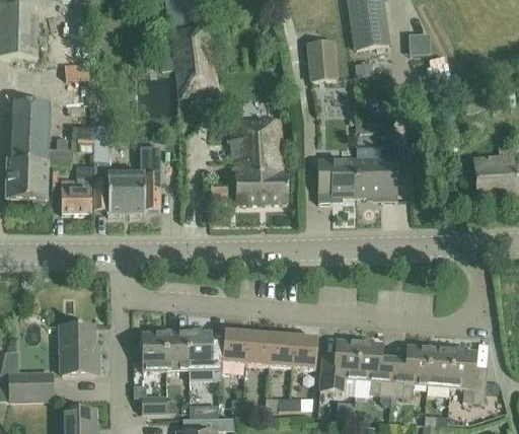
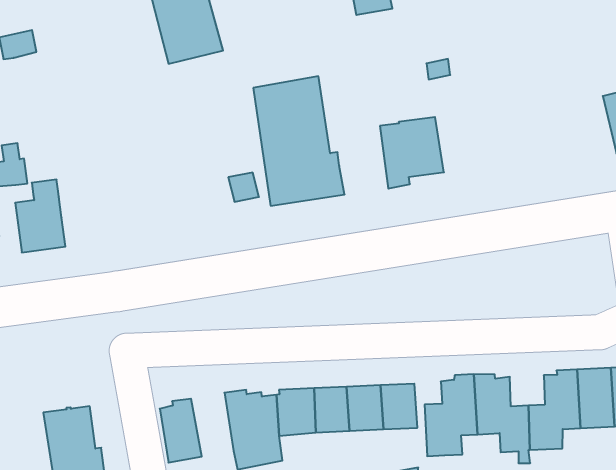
building: [91,125,160,215] -> none
building: [356,146,397,201] -> none
building: [163,328,188,369] -> none

